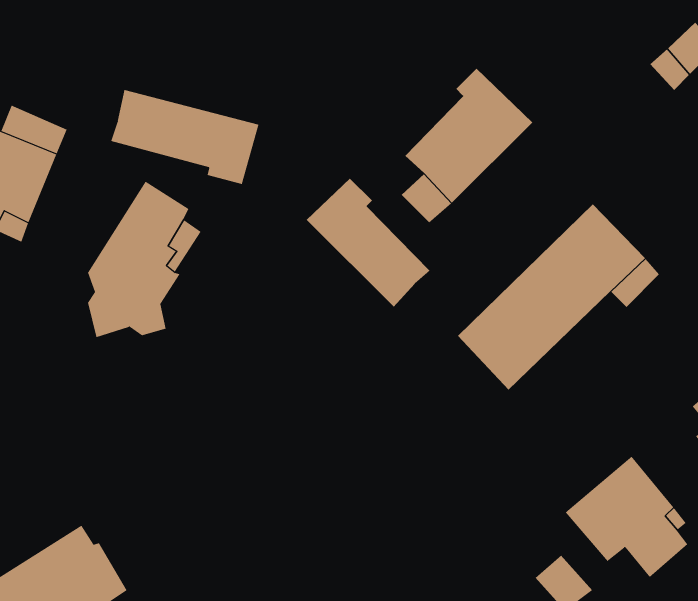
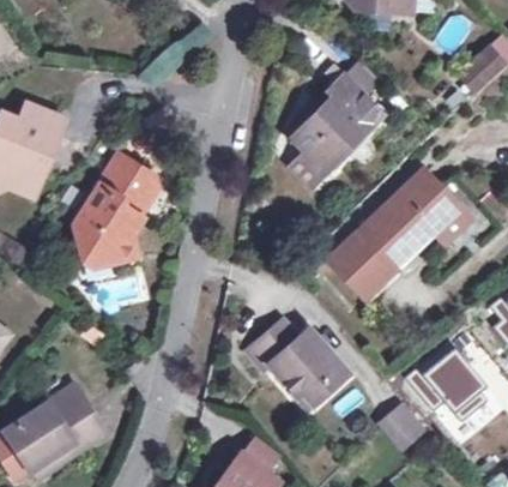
building: [111,89,259,185] -> none
building: [306,178,431,308] -> none
building: none -> [248,320,346,403]

